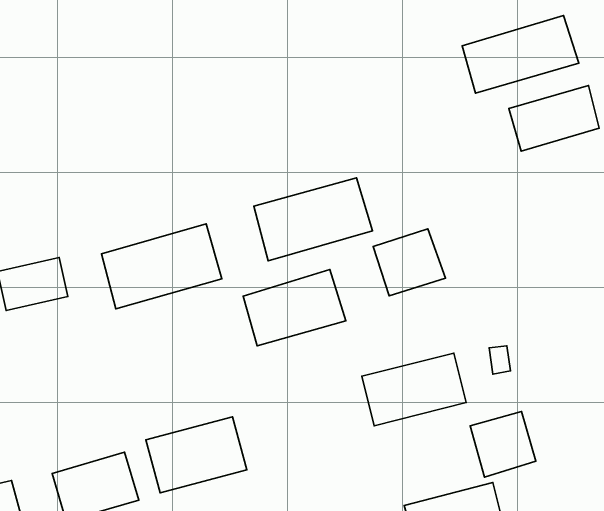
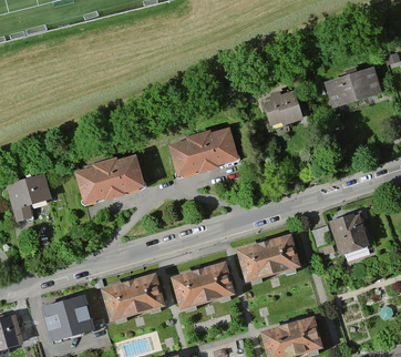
building: [462,15,579,93] -> none
building: [373,229,446,296] -> [259,90,305,132]
building: [243,270,346,346] -> [169,261,234,308]
building: [470,412,536,477] -> [331,214,372,255]

